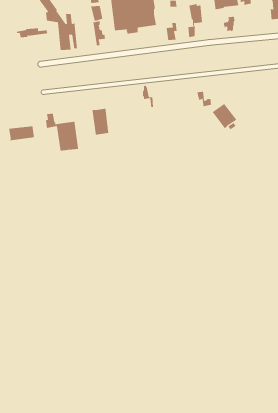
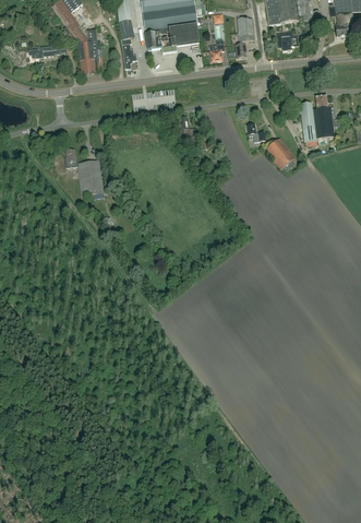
building: none -> [300,95,334,141]
building: [92,108,109,136] -> none
building: [9,125,35,141] -> none

